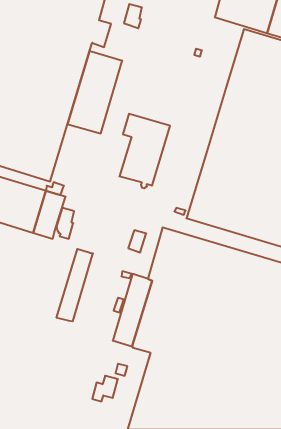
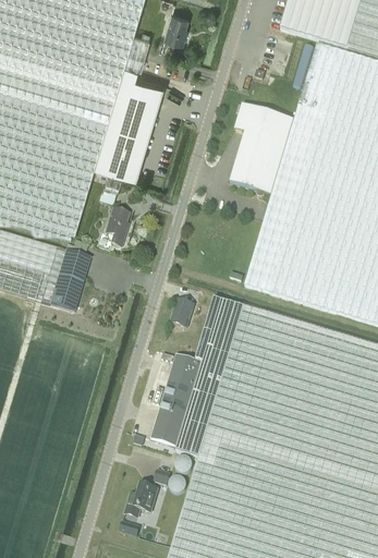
building: [119,114,170,188] -> [230,104,294,198]
building: [56,208,74,239] -> [106,208,129,247]
building: [57,249,93,321] -> none

